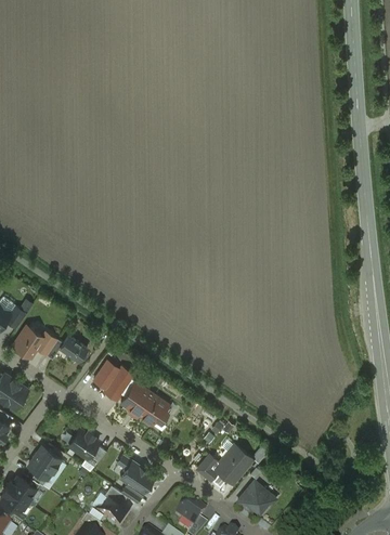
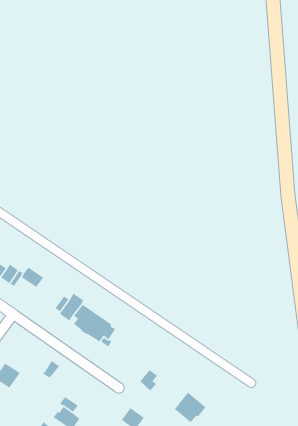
building: [68,429,97,458] -> none
building: [213,445,251,484] -> none
building: [121,462,154,494] -> none

